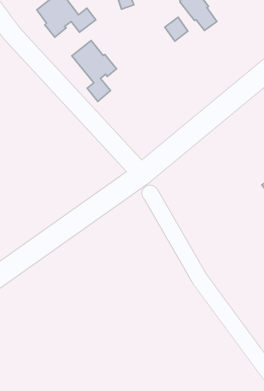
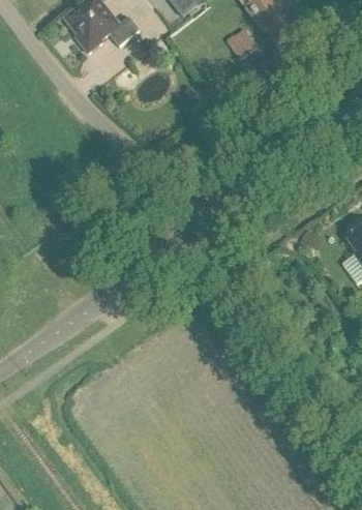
building: [72,41,116,102] -> none

